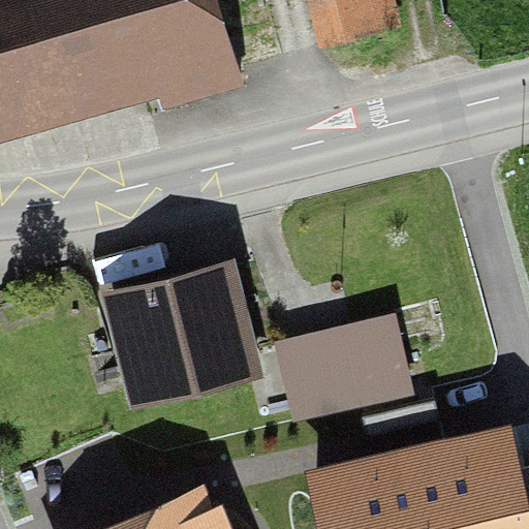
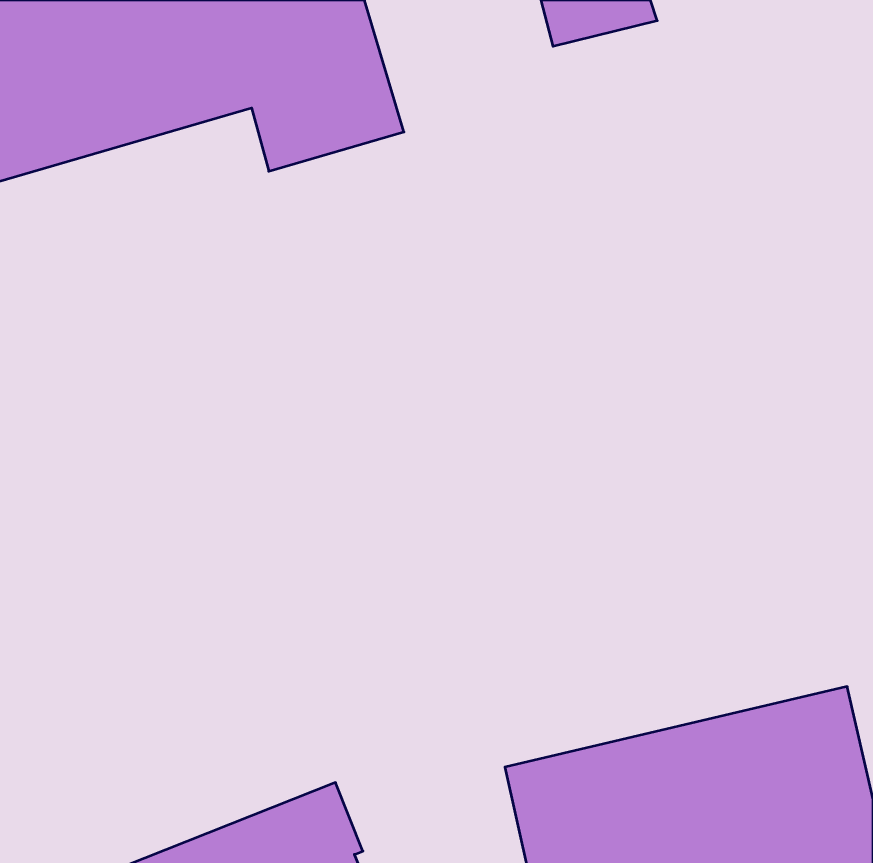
building: [111,267,250,398] -> none
building: [274,315,413,426] -> none

